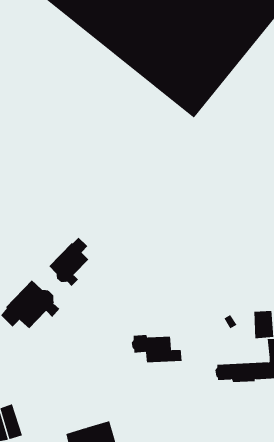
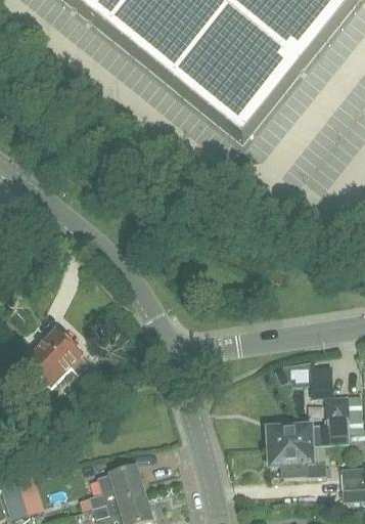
building: [48,237,89,287] -> none
building: [131,334,182,363] -> [266,443,325,476]
building: none -> [89,464,144,506]

